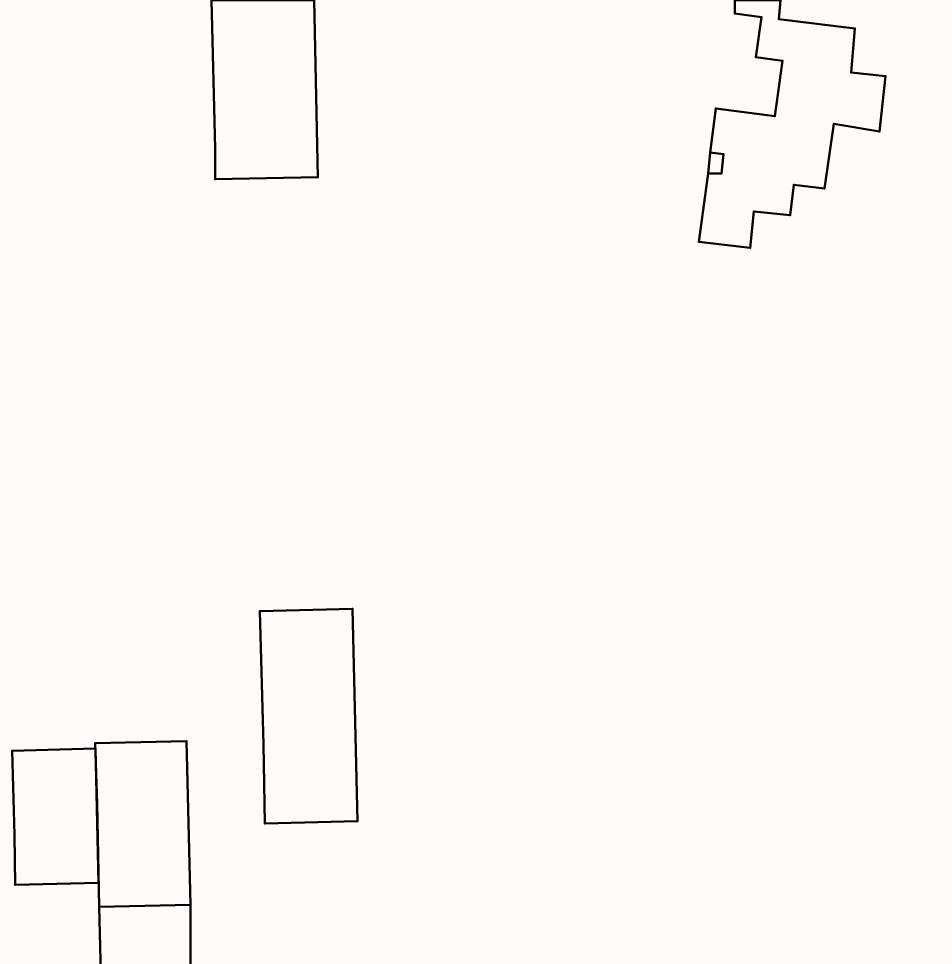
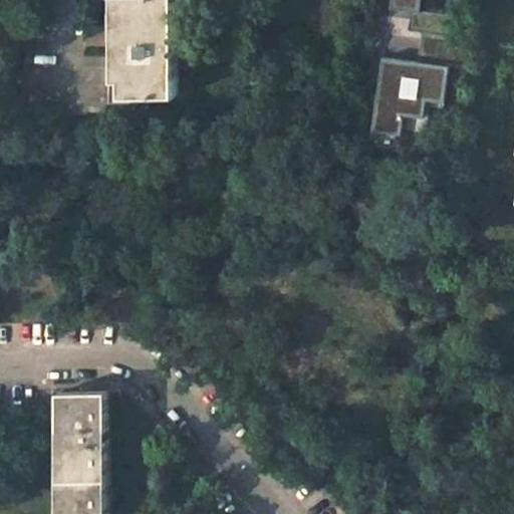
building: [260,609,358,824] -> none
building: [12,749,98,885] -> none

